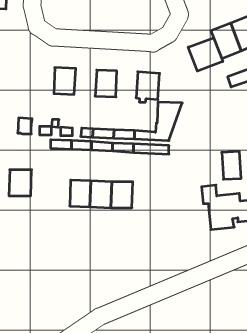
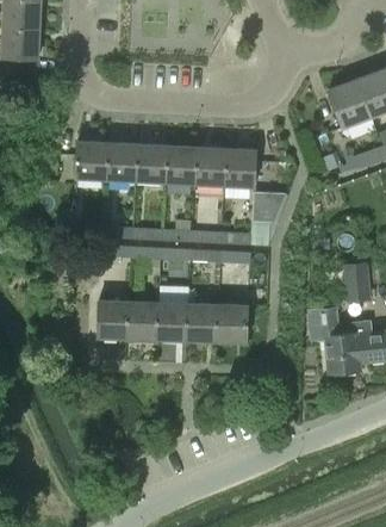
building: [188,38,223,71] -> none
building: none -> [74,140,106,179]
building: none -> [133,143,166,182]
building: none -> [193,147,224,185]
building: [9,170,32,196] -> [97,302,129,339]
building: none -> [216,304,247,342]

